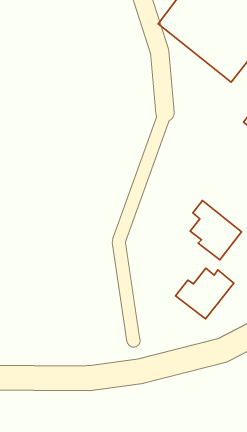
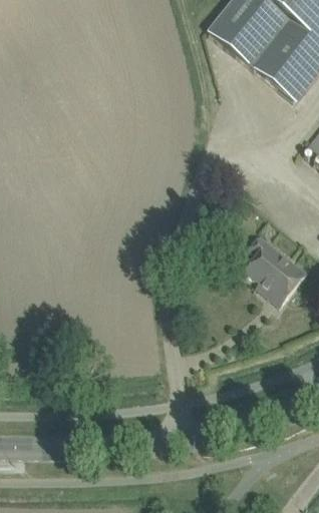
building: [175,268,234,319] -> none

